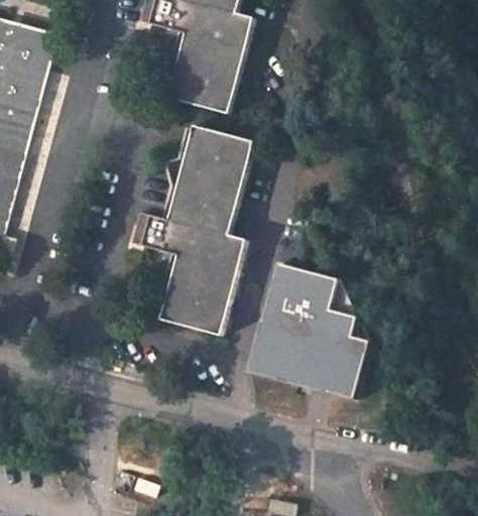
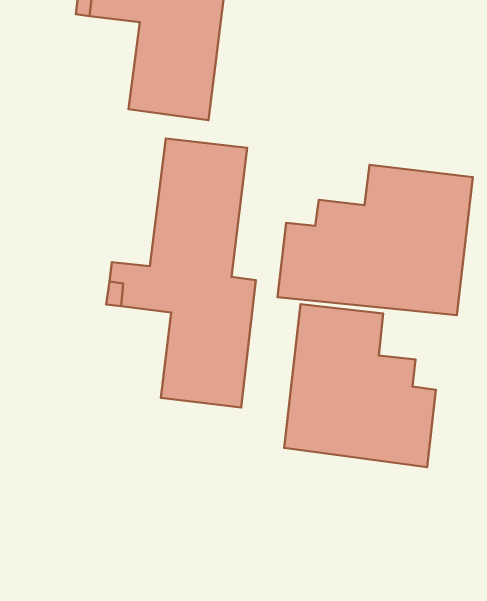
building: none -> [277,165,473,315]

